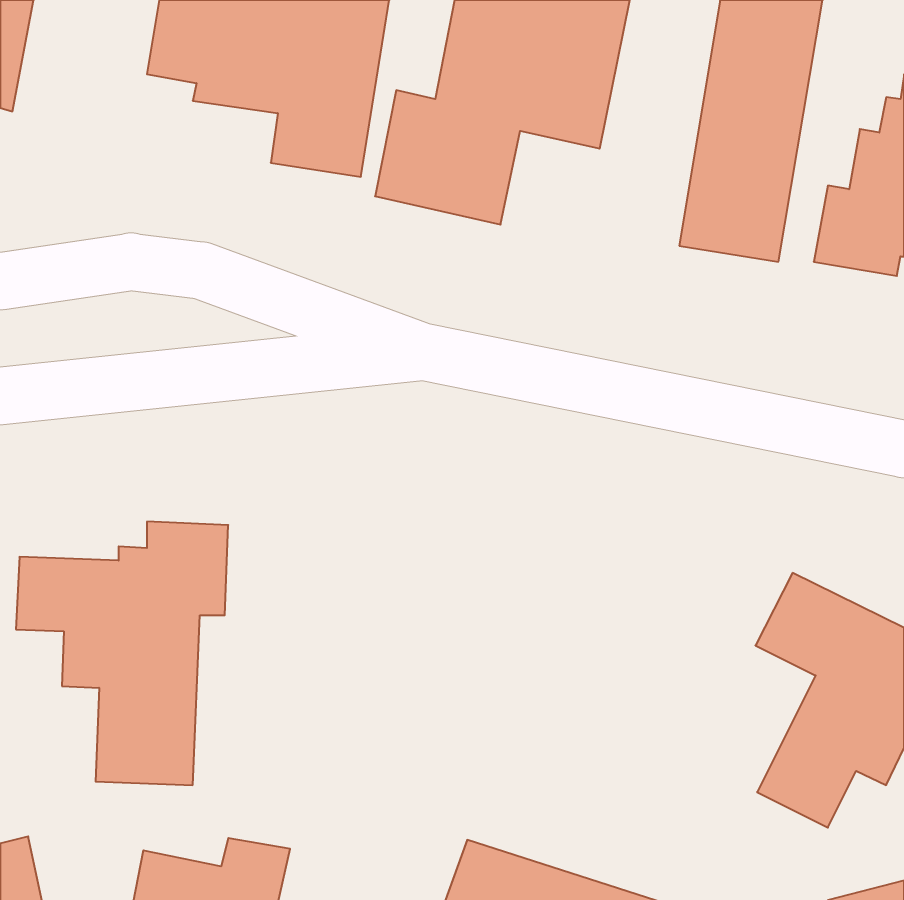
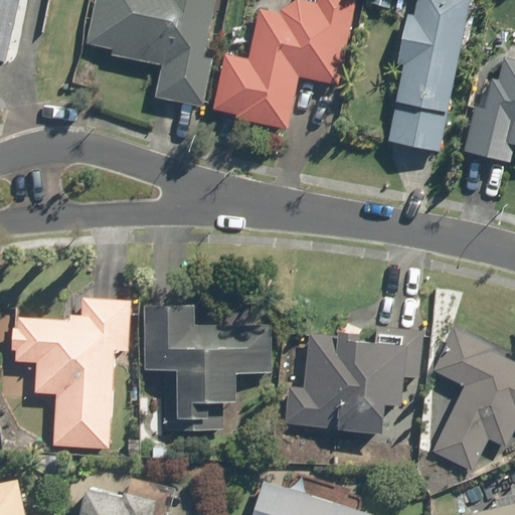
building: none -> [146,305,271,417]
building: none -> [287,330,424,435]

